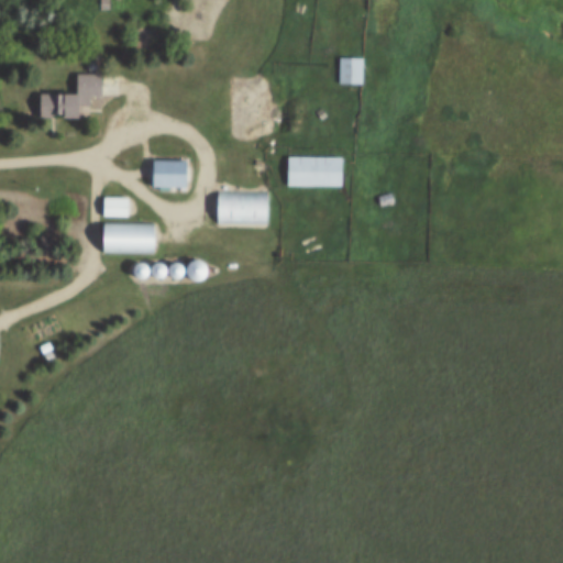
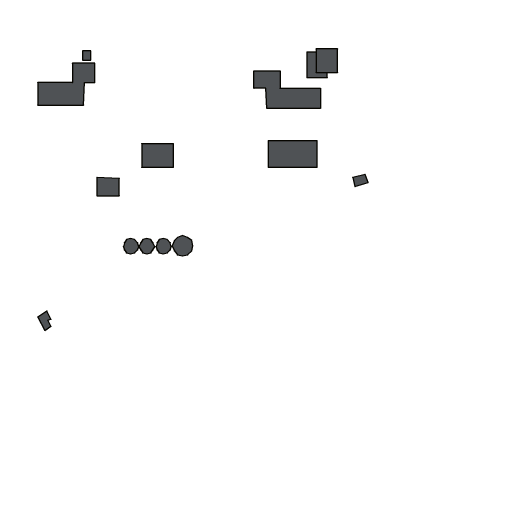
building: none -> [254,71,320,108]
building: [219,191,271,223] -> none
building: [104,222,154,252] -> none

